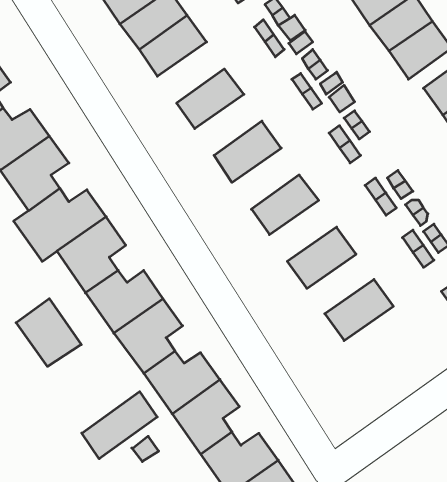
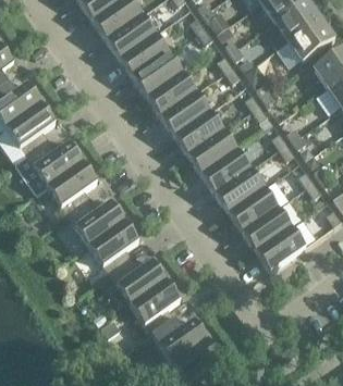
building: none -> [119,32,168,76]
building: none -> [146,70,195,114]
building: none -> [173,109,222,153]
building: none -> [200,147,249,191]
building: none -> [228,186,277,229]
building: [16,299,81,366] -> none
building: none -> [255,224,305,270]
building: [82,392,157,459] -> none

